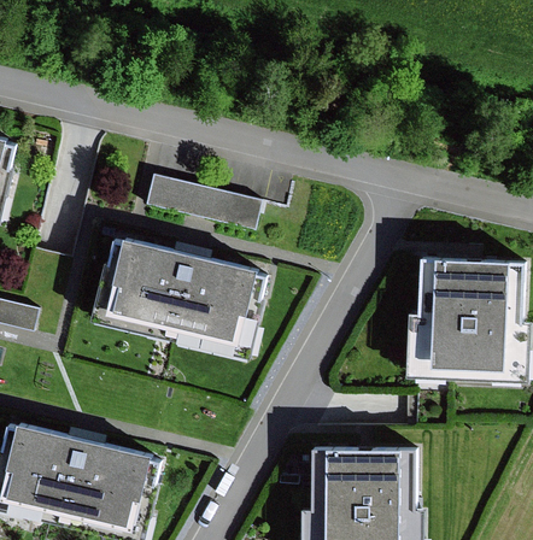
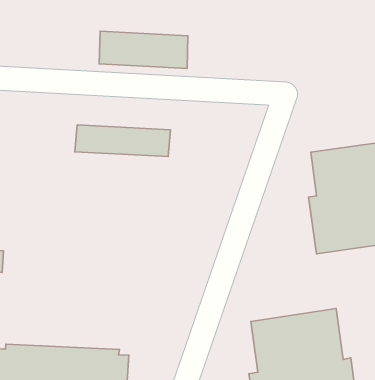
building: none -> [99,31,188,69]
building: [92,234,266,354] -> none

